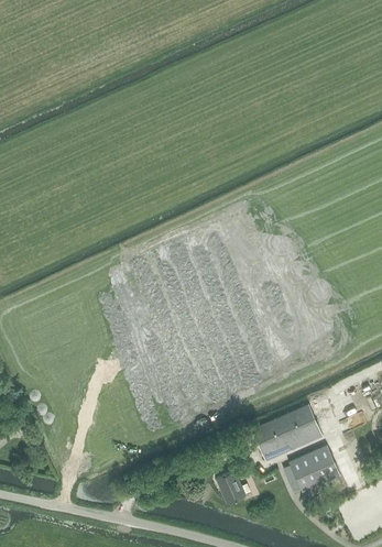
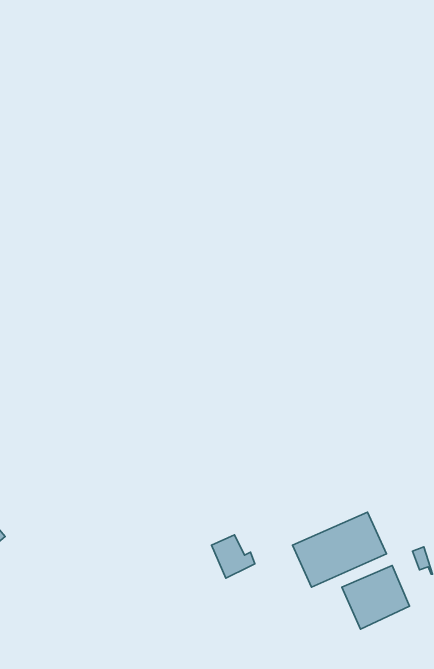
building: [217,470,250,503] -> [211,535,255,578]

